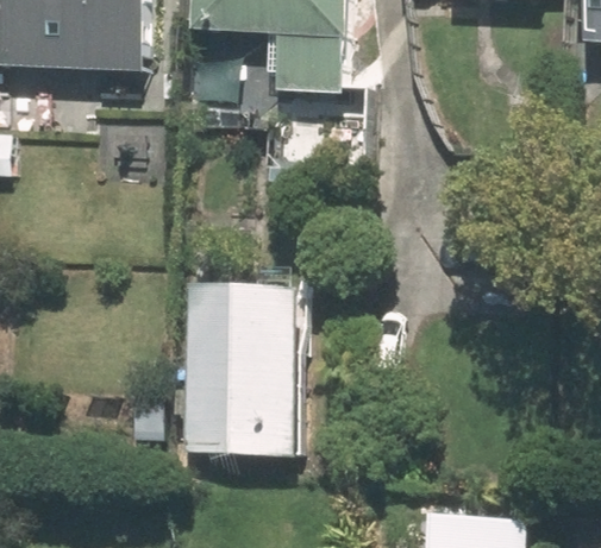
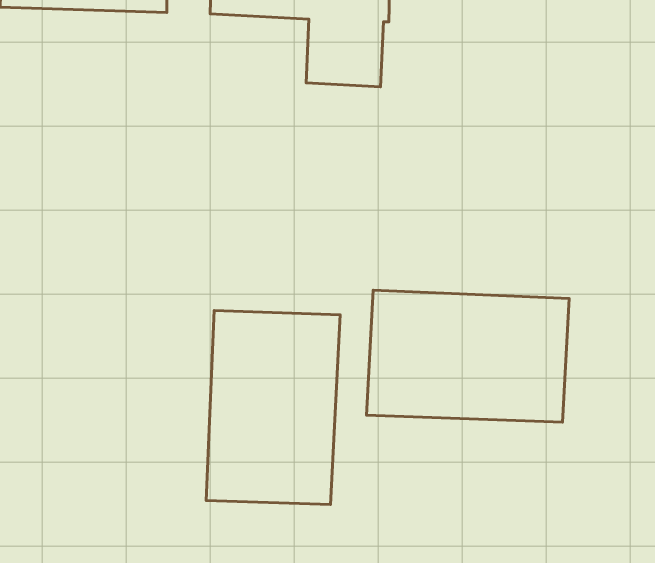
building: none -> [366,290,569,422]

